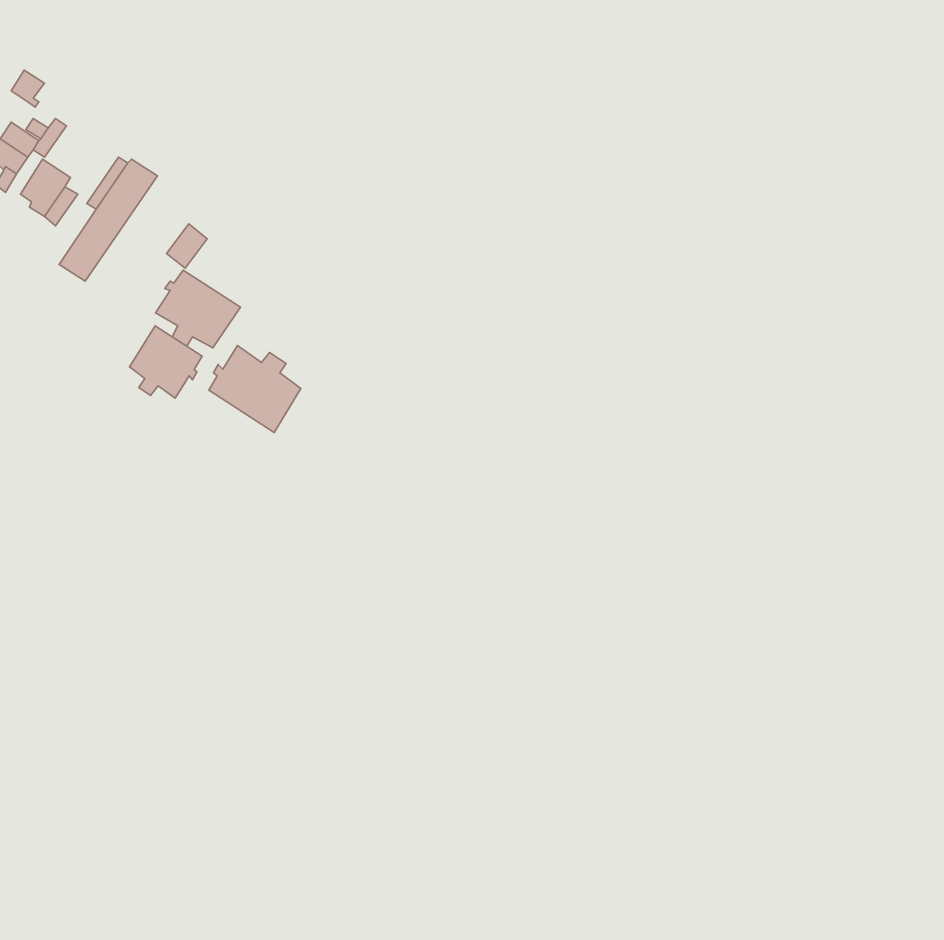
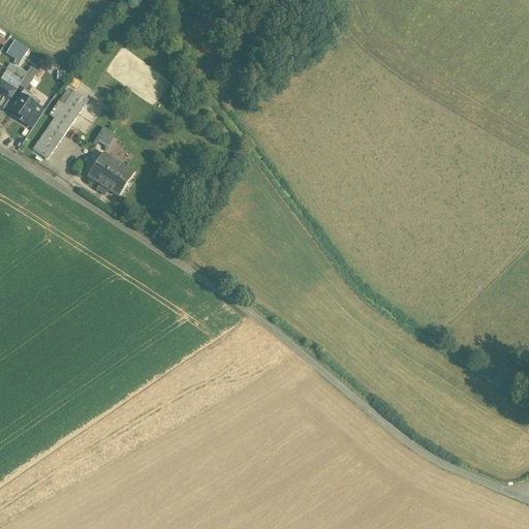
building: [130,326,202,398] -> none
building: [209,346,301,432] -> none

